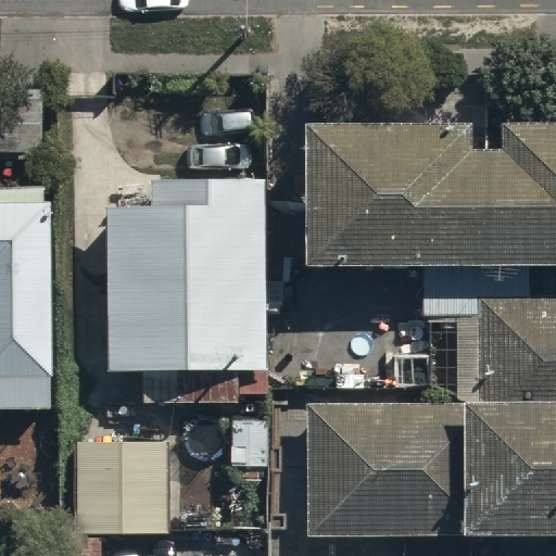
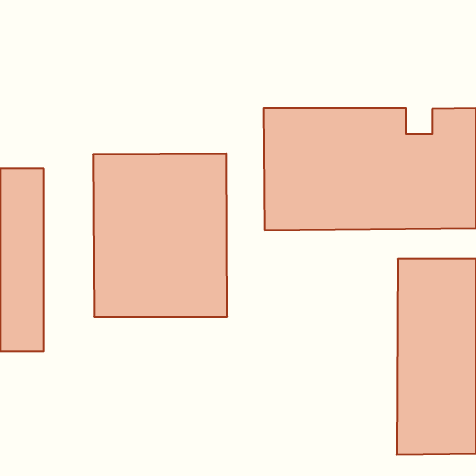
building: [311,402,463,530] -> none
building: [72,448,176,533] -> none

